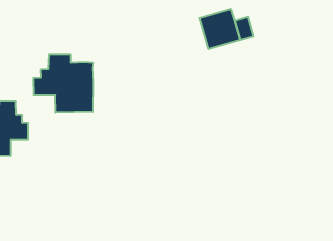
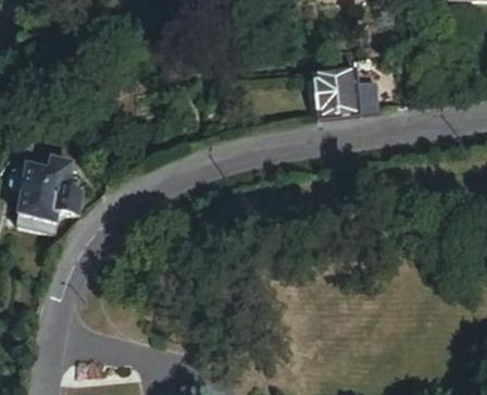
building: [34,54,93,113] -> none

